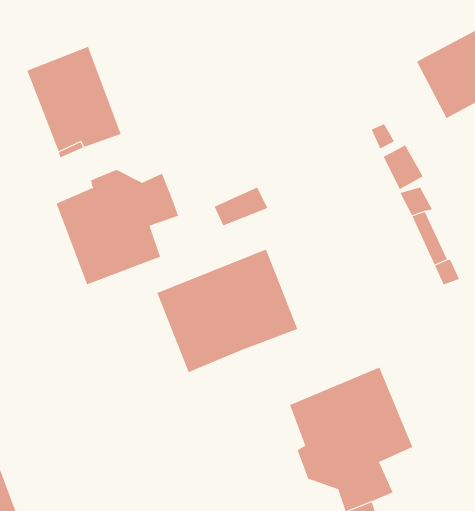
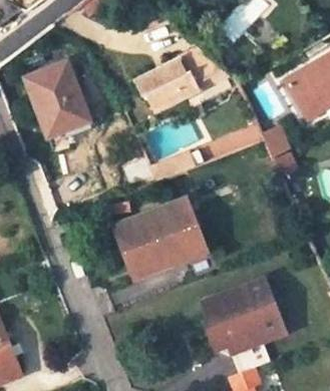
building: none -> [135,51,224,112]
building: [56,169,179,285] -> none

